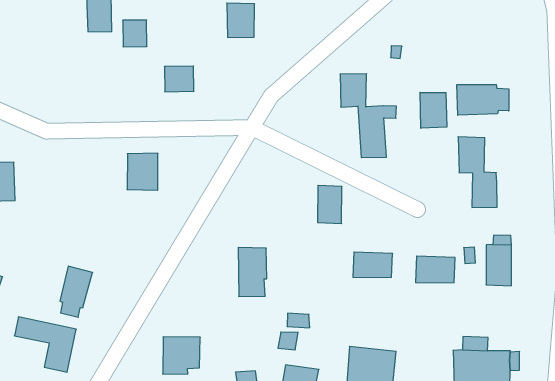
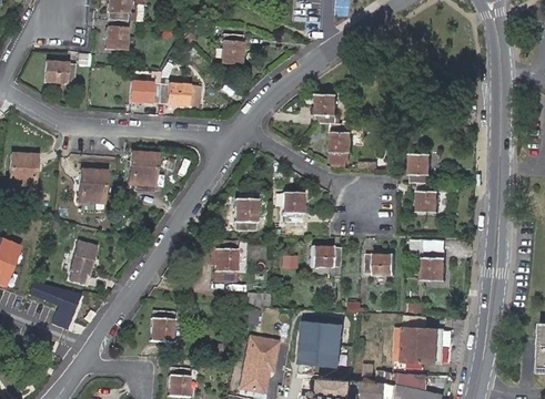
building: [123,20,147,47] -> [132,78,153,101]
building: none -> [47,61,73,82]
building: [457,85,509,115] -> none
building: [420,92,447,128] -> none
building: none -> [79,168,107,202]
building: none -> [240,194,264,226]

